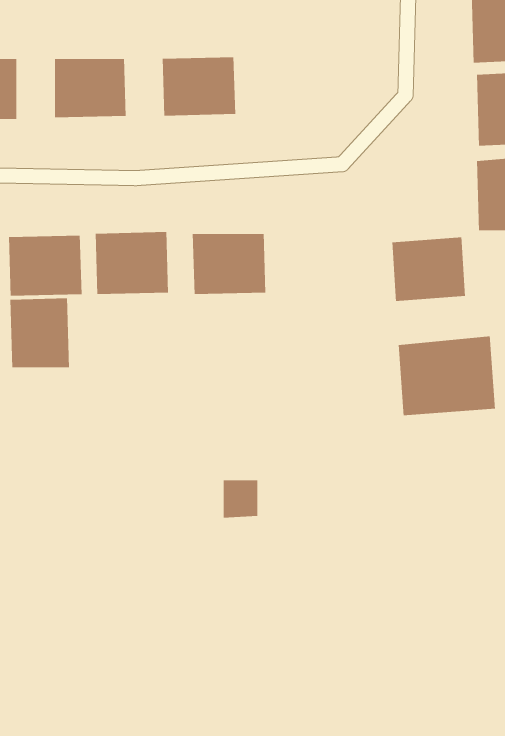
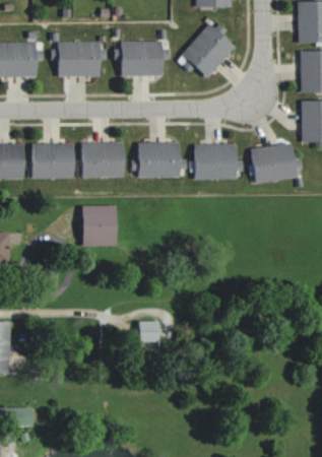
building: none -> [178,23,235,77]
building: none -> [194,143,236,180]
building: [10,297,70,368] -> [81,205,116,246]
building: [398,335,496,416] -> none
building: [223,480,258,518] -> [138,321,158,343]

